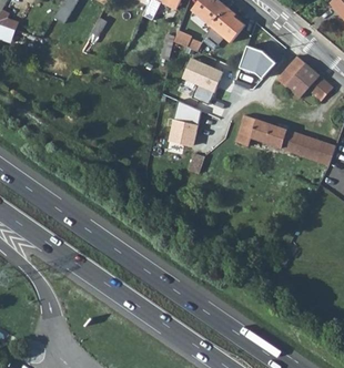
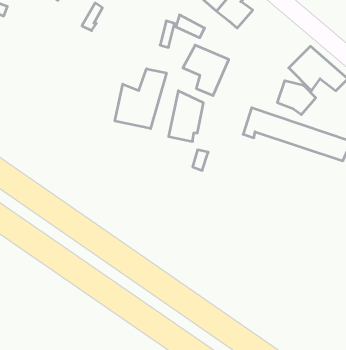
building: [242,40,277,71] -> [277,81,316,115]
building: none -> [115,69,166,129]

